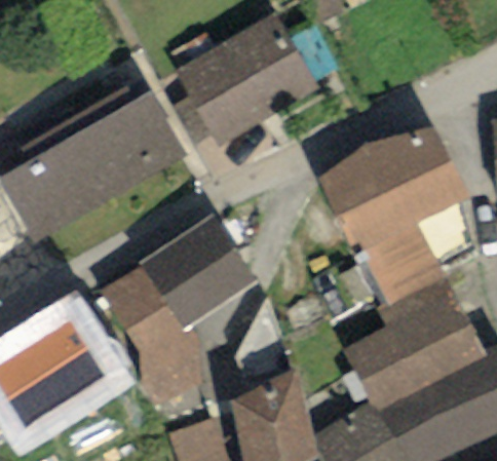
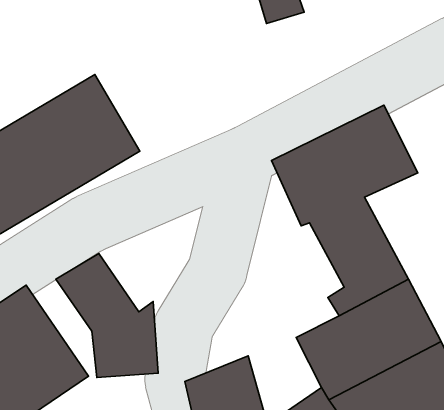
building: [175,25,316,154] -> none
building: [138,208,255,323] -> none

